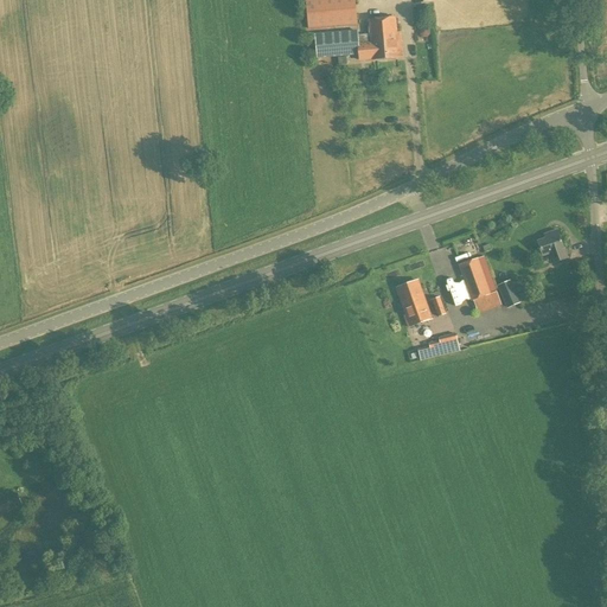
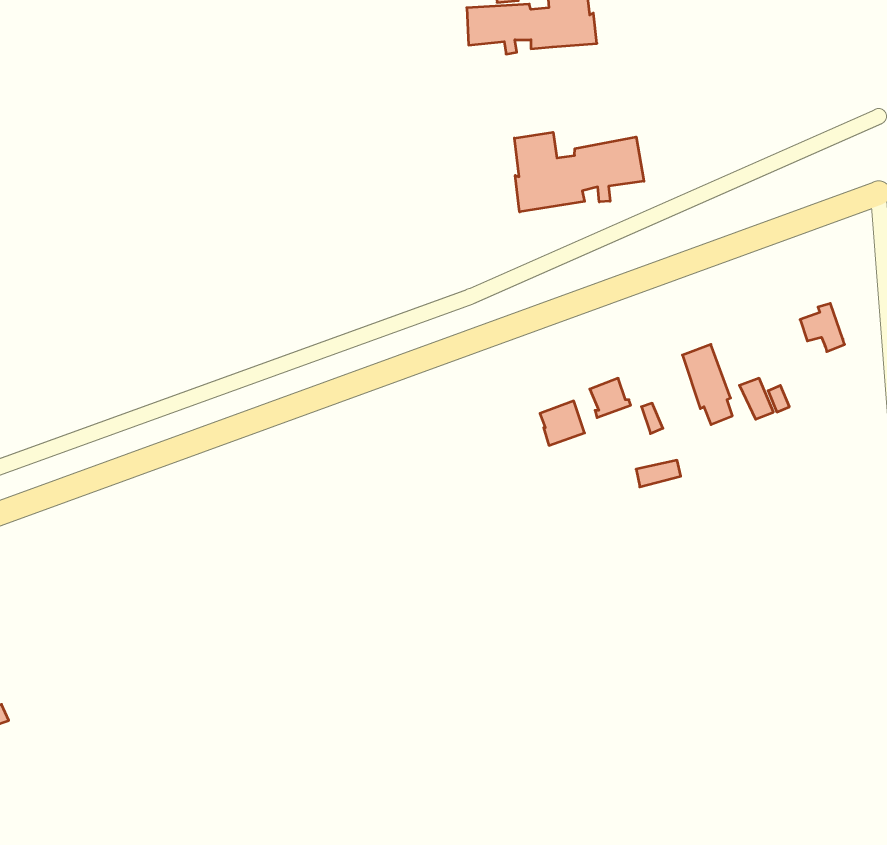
building: none -> [514,132,644,212]
building: [403,296,433,326] -> [540,401,585,445]

